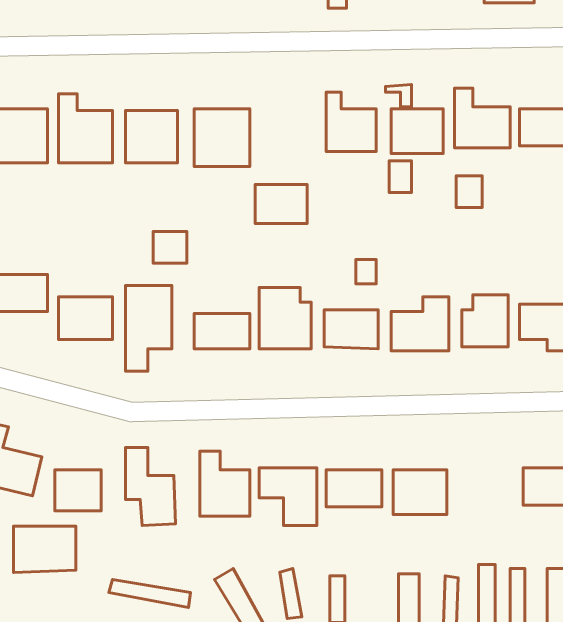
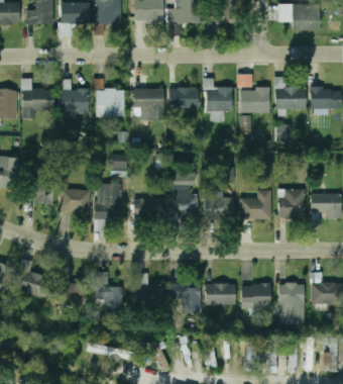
building: [255,184,307,223] -> [168,88,197,109]
building: none -> [278,283,304,324]
building: [14,526,76,572] -> none

